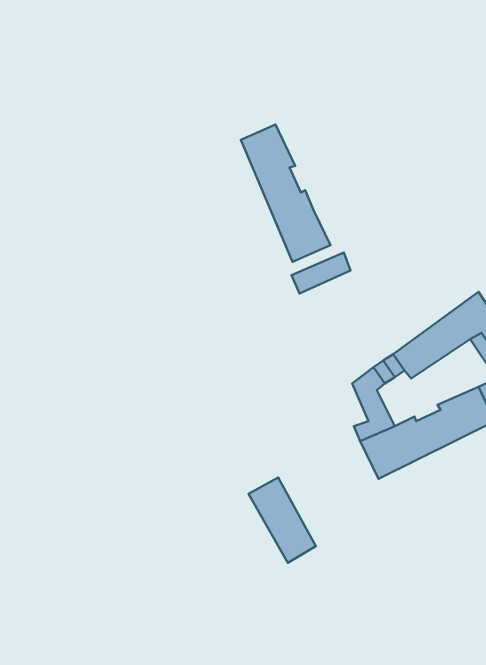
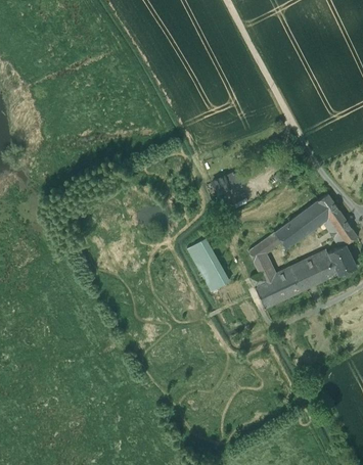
building: [241,125,330,262] -> none
building: [249,477,316,563] -> [187,237,229,290]

